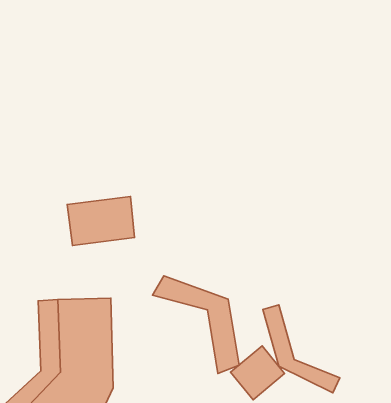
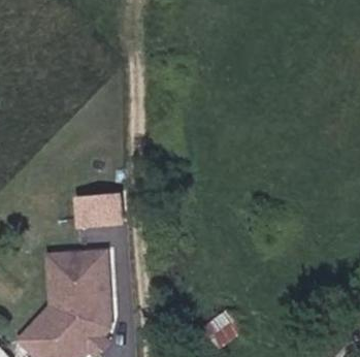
building: [153,276,239,373] -> none
building: [263,305,340,393] -> none

